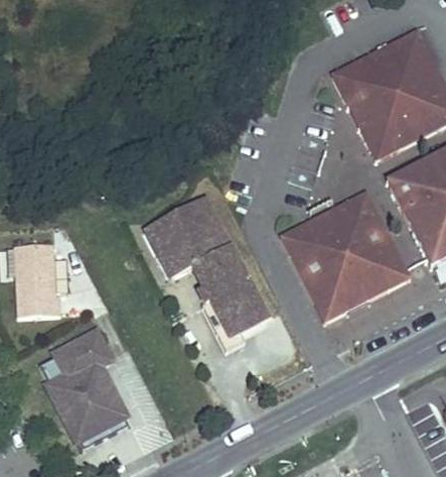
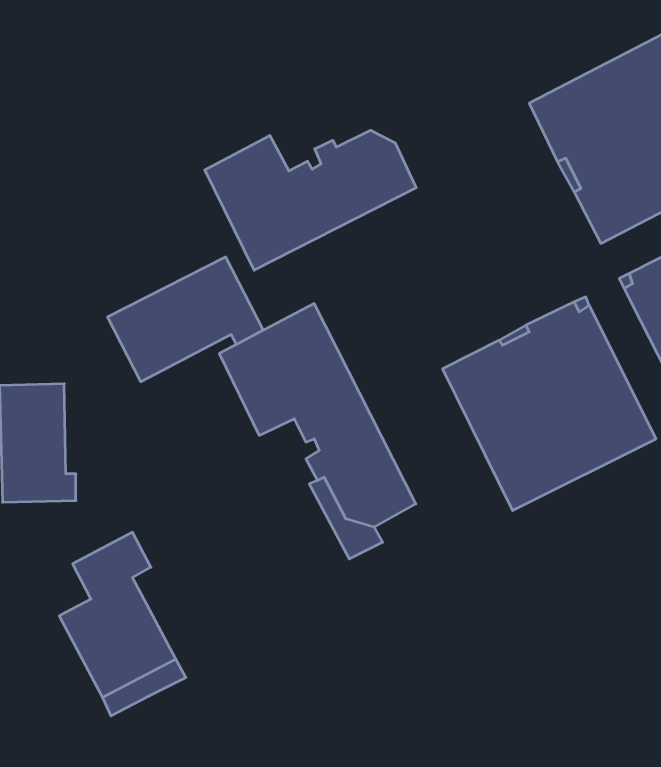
building: none -> [205,130,416,270]
building: none -> [108,257,263,382]

